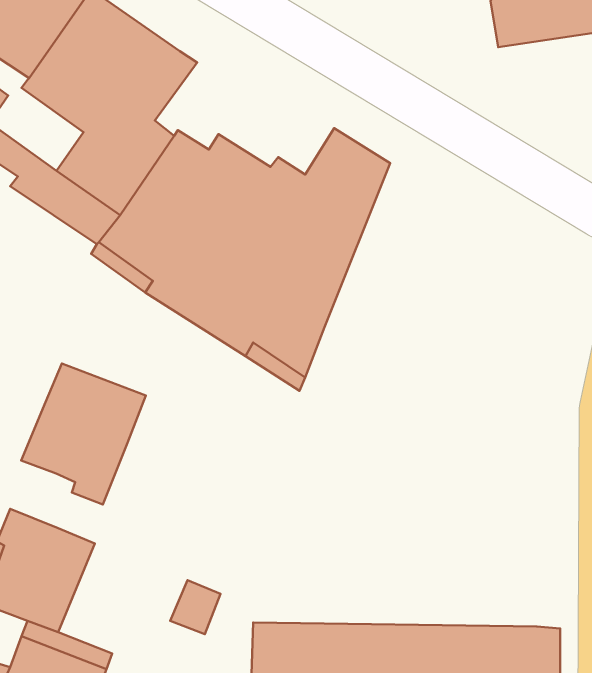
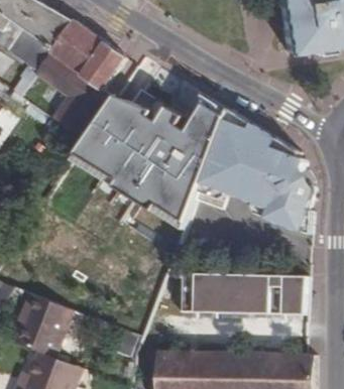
building: none -> [195,111,316,236]
building: [21,363,146,504] -> none
building: none -> [186,272,309,313]

